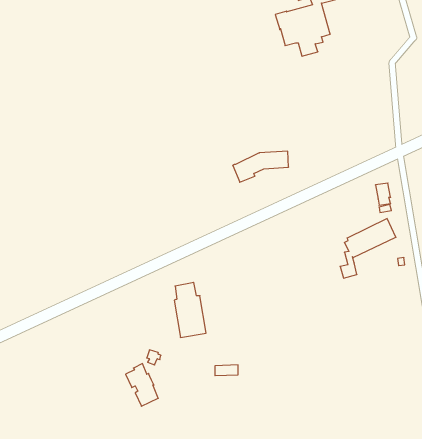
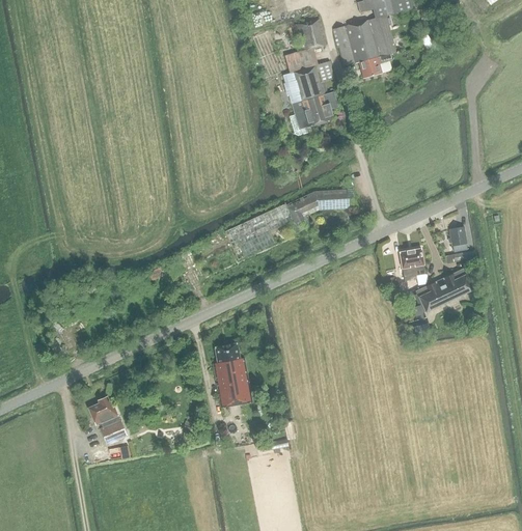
building: none -> [284,18,338,133]
building: none -> [400,247,428,283]
building: [126,364,158,406] -> [88,394,127,444]

